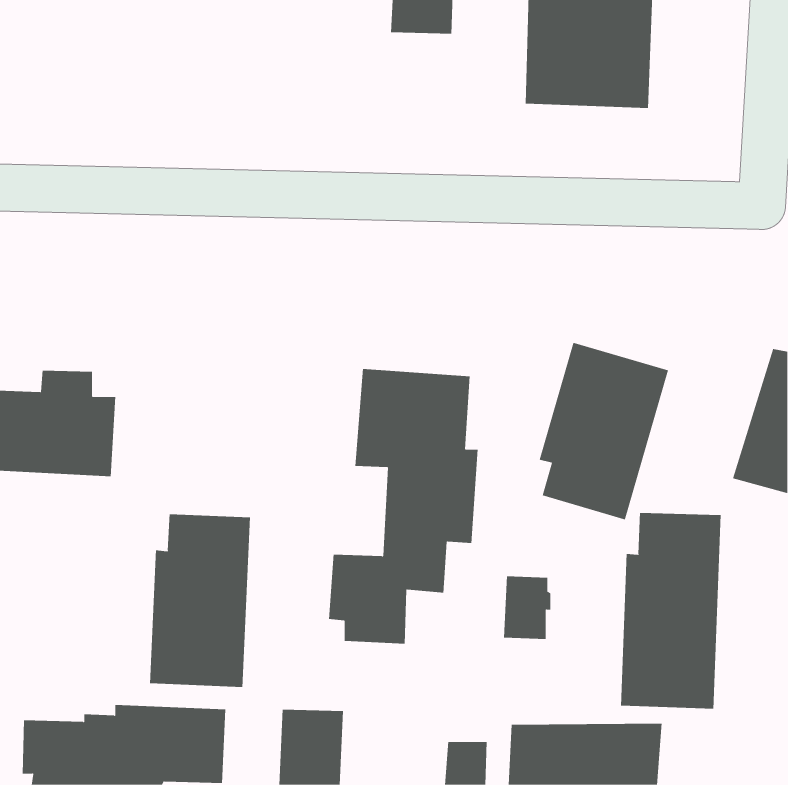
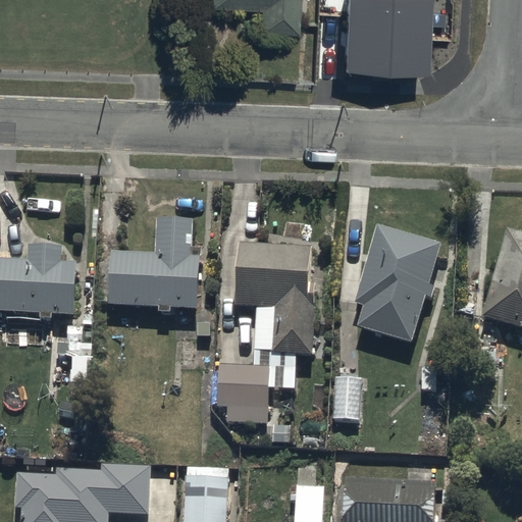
building: none -> [107,217,200,308]
building: [620,512,721,710] -> none
building: [149,514,251,688] -> none

